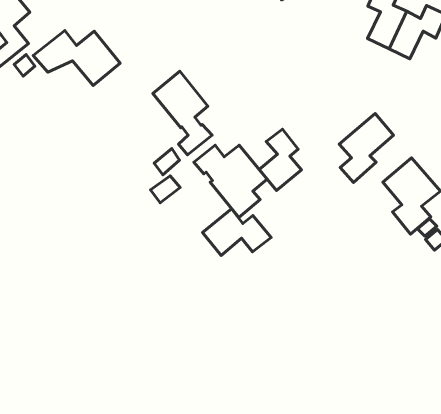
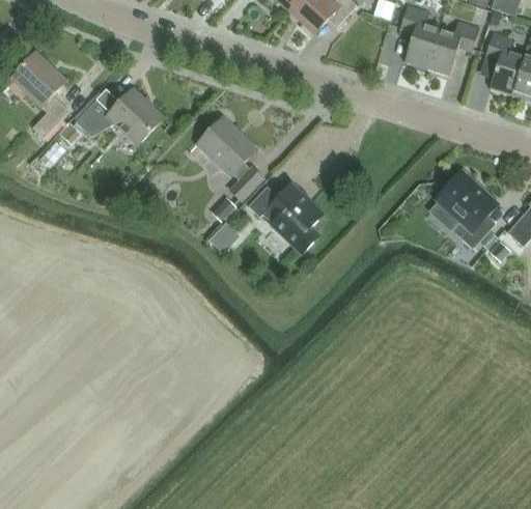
building: [339,114,394,183] -> none
building: [259,129,302,190] -> none
building: [202,209,271,255] -> none

